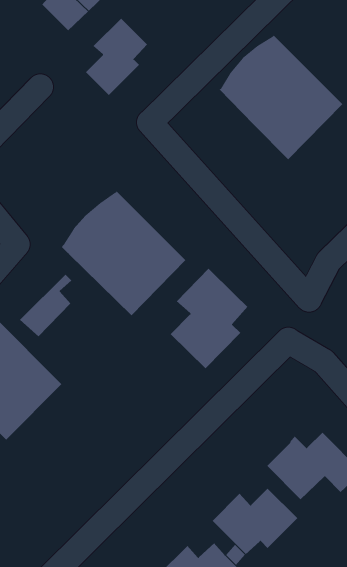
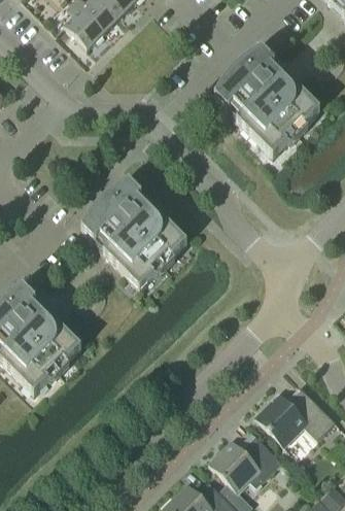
building: [85,18,148,96] -> none
building: [170,268,248,369] -> none
building: [19,274,72,337] -> none

